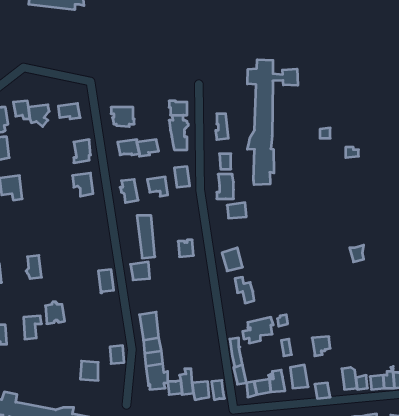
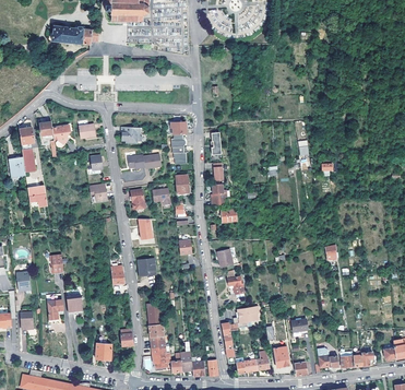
building: [247,60,298,185] -> none

